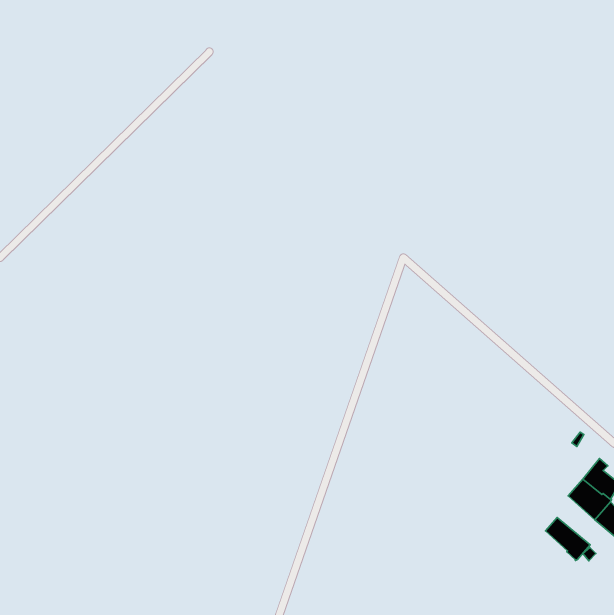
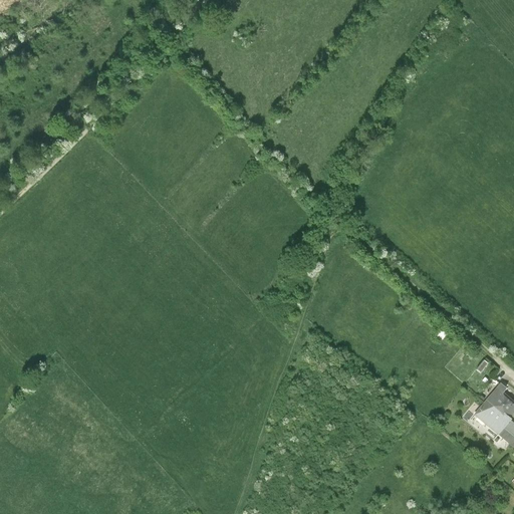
building: [546,517,590,561] -> none

